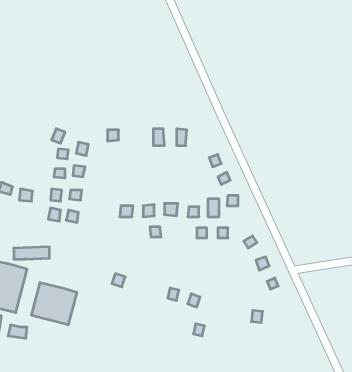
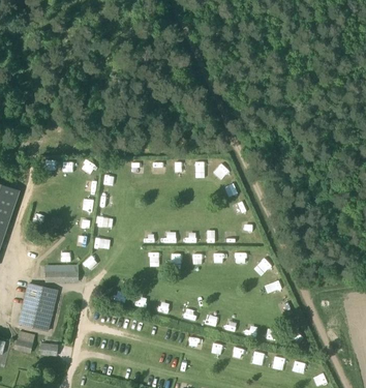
building: [32,282,77,325] -> none

